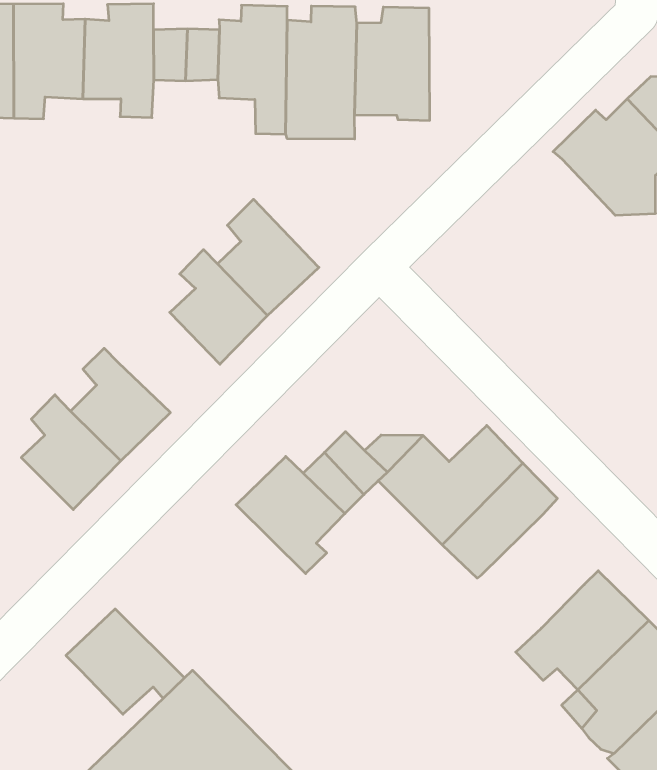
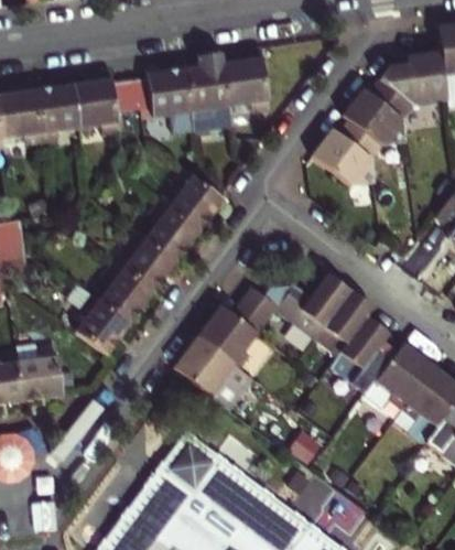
building: none -> [311,119,381,185]
building: none -> [120,230,176,292]
building: none -> [338,316,396,379]
building: [66,609,185,714] -> [174,337,241,395]

